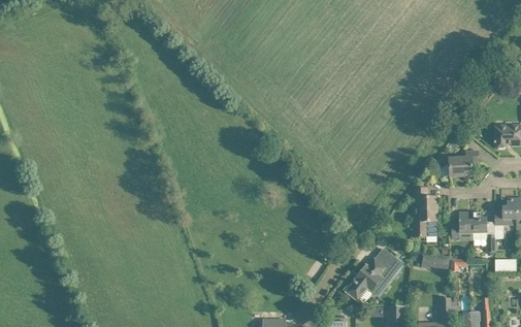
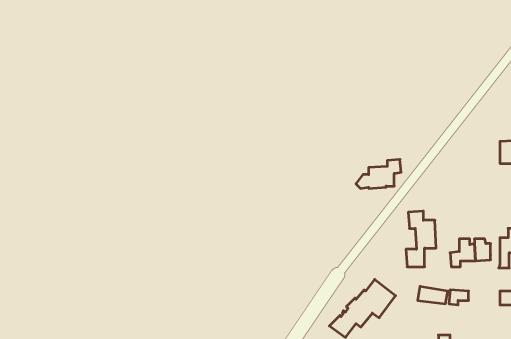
building: [438,151,479,176] -> [356,159,401,188]

